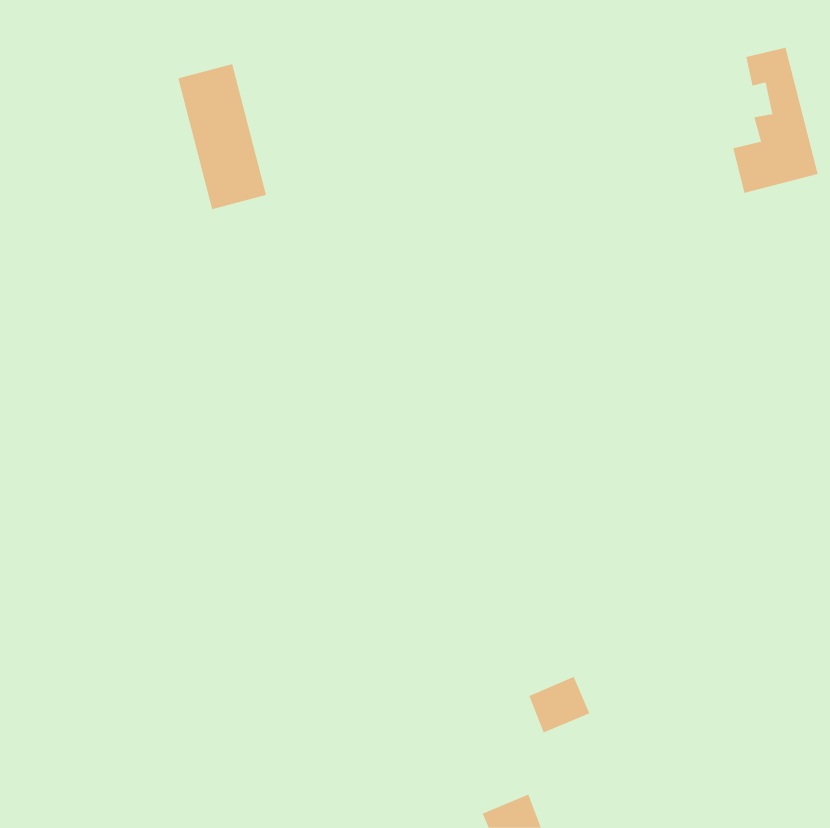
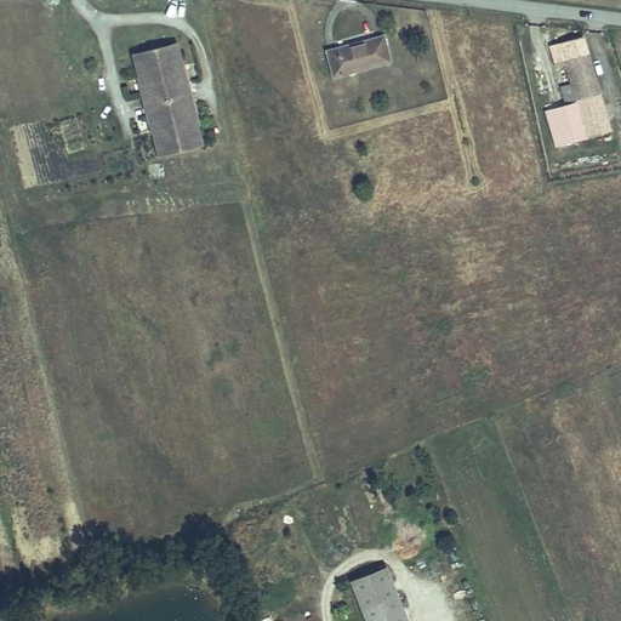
building: none -> [329,35,392,76]
building: [528,676,590,733] -> [349,564,395,606]

